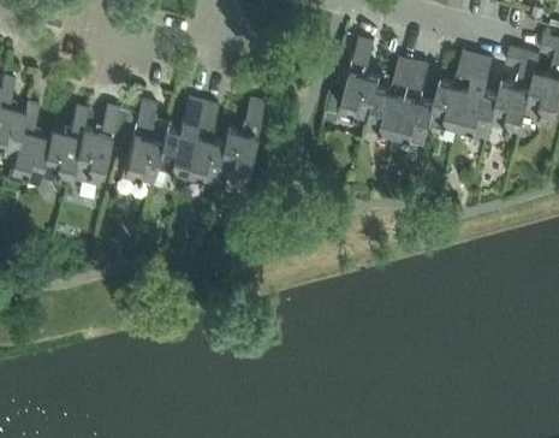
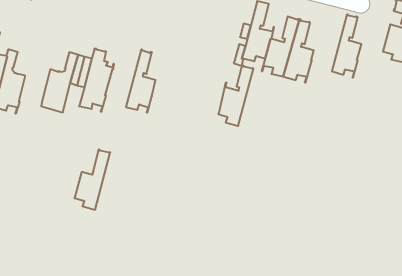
building: [493,46,541,130] -> none
building: [432,48,480,129] -> none
building: [156,96,204,177] -> [74,150,110,210]
building: [219,97,266,178] -> [218,66,253,126]
building: [41,105,89,184] -> none

